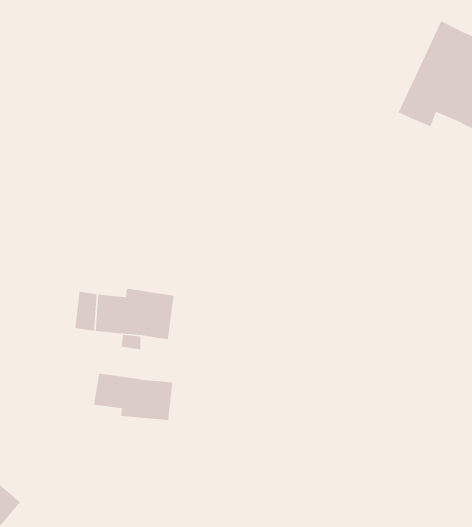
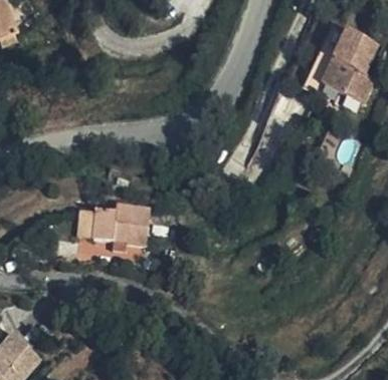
building: [93,373,173,421] -> none

